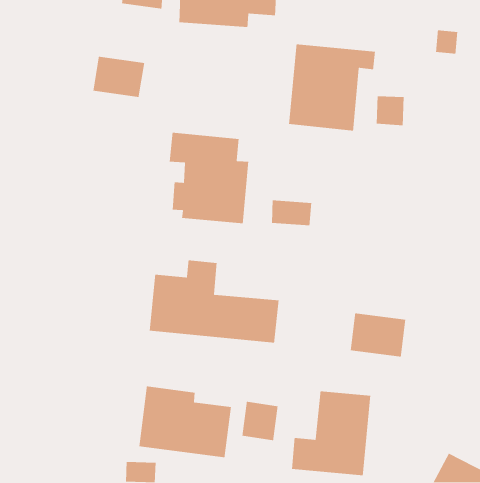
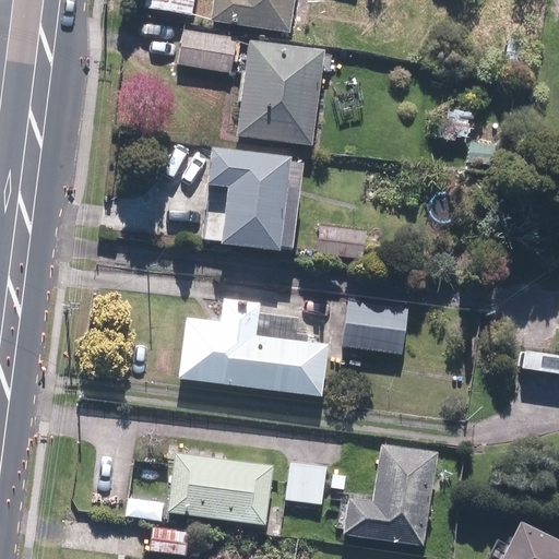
building: [288,44,376,131] -> [238,43,338,143]
building: [93,56,145,98] -> [181,26,241,74]
building: [350,313,406,357] -> [344,302,408,354]

